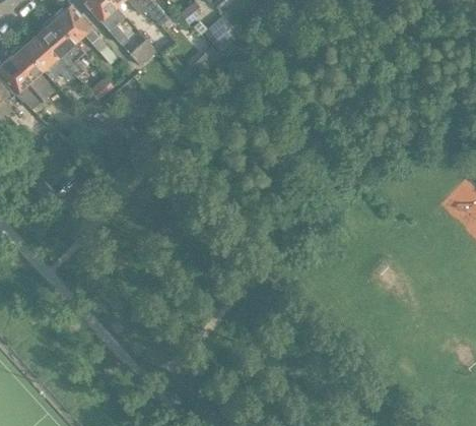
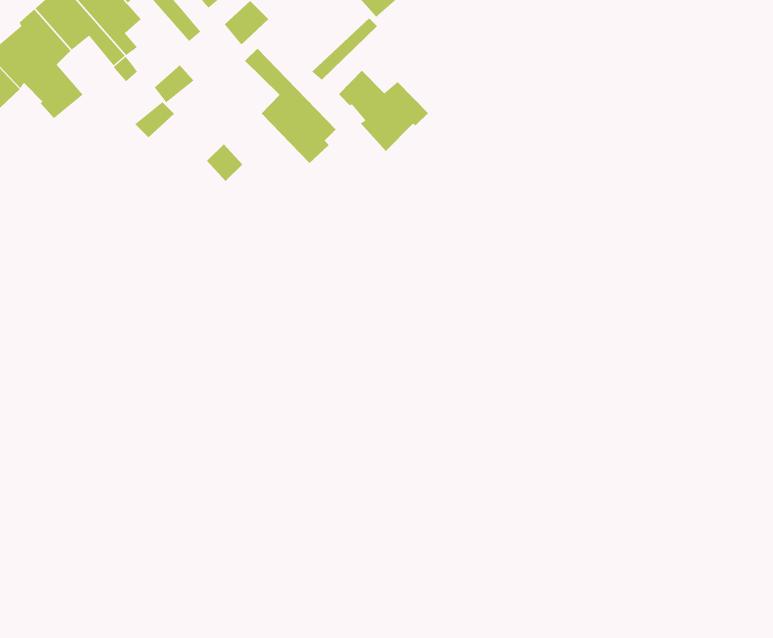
building: none -> [244,48,337,164]
building: none -> [338,70,429,152]

